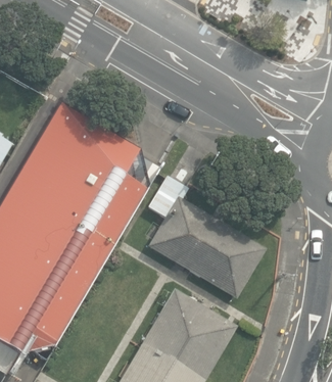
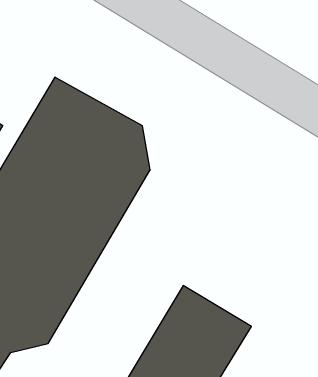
building: [150,177,267,299] -> none

